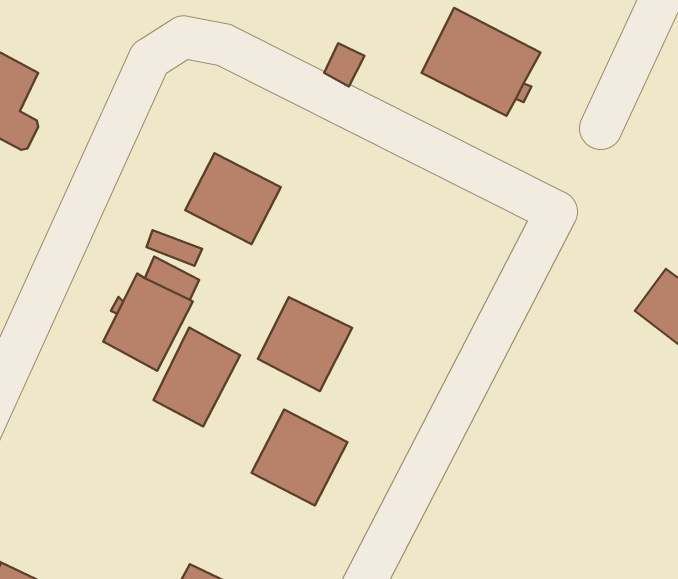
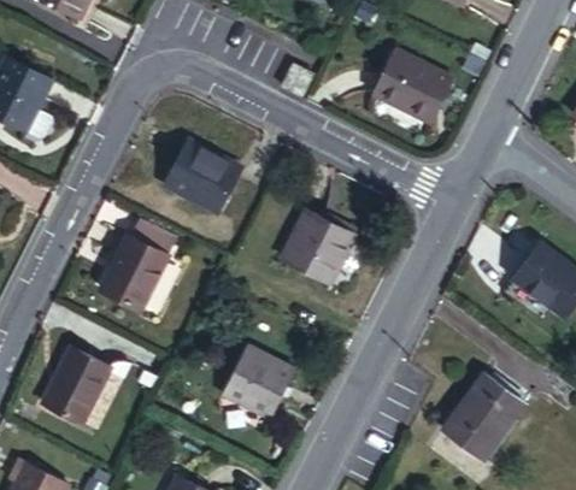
building: [258,297,352,391] -> [278,211,352,284]
building: [154,327,240,426] -> [42,347,110,424]
building: none -> [445,364,519,442]

